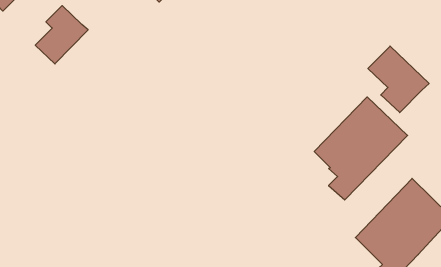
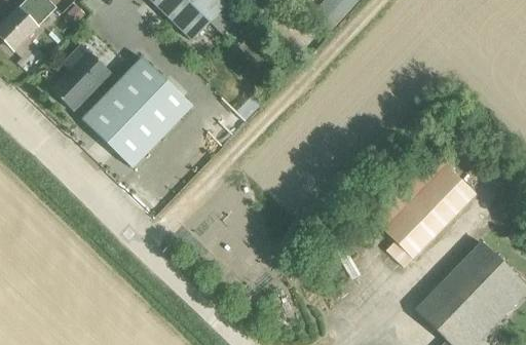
building: none -> [82,56,192,166]
building: [368,46,429,113] -> none

